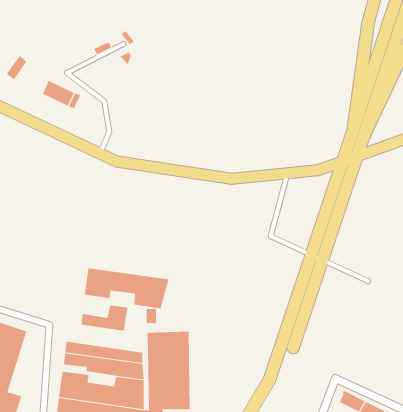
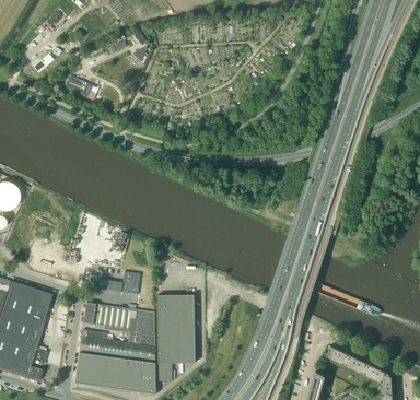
building: [84,267,169,309] -> none

